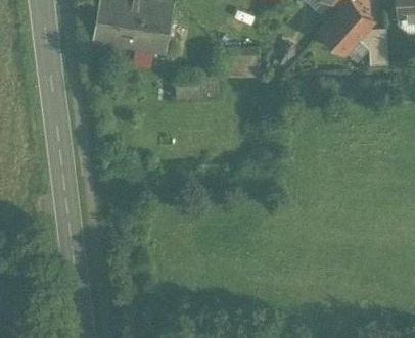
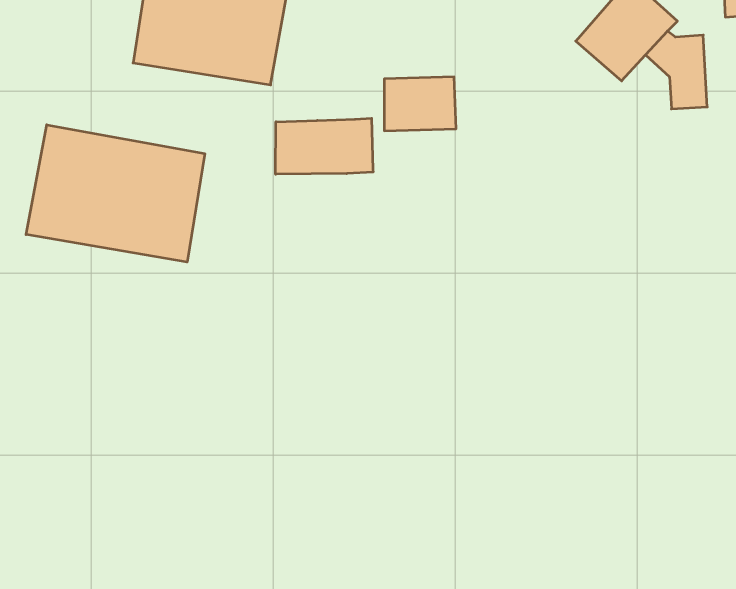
building: none -> [276,118,373,174]
building: none -> [26,125,205,262]

